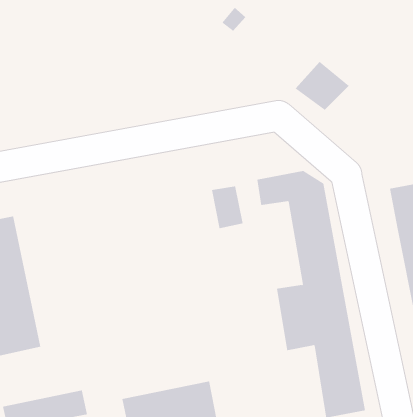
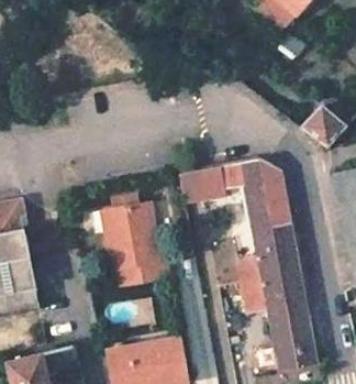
building: [295,61,349,111] -> [300,106,346,147]
building: none -> [101,202,171,287]

